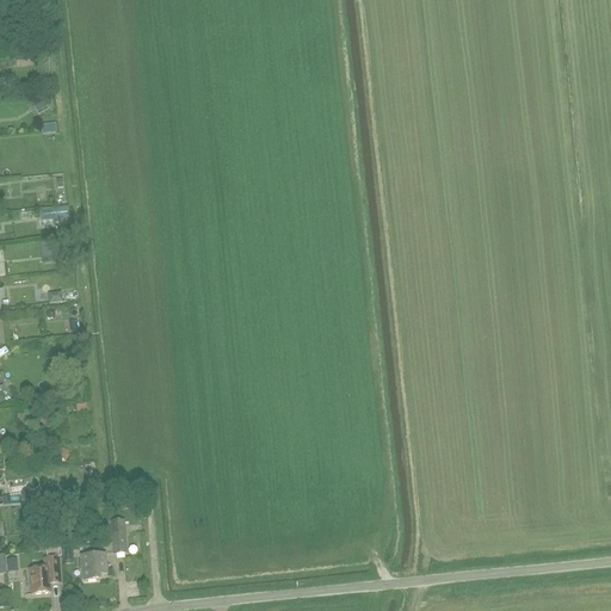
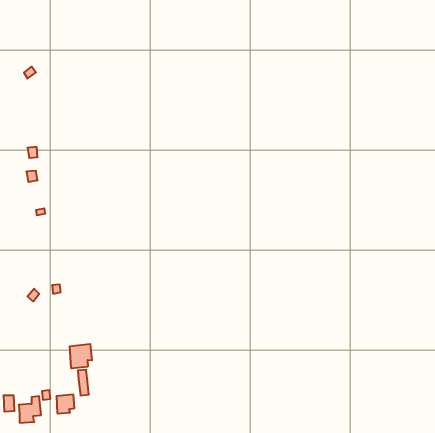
building: none -> [70,344,92,368]

